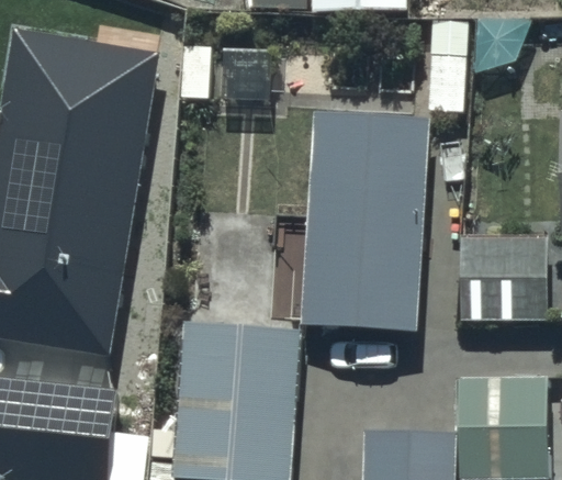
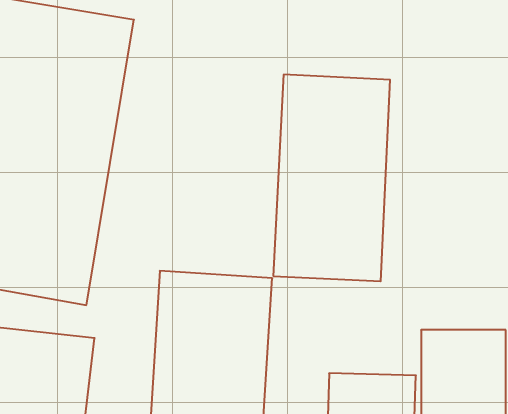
building: [461,235,548,322] -> none

